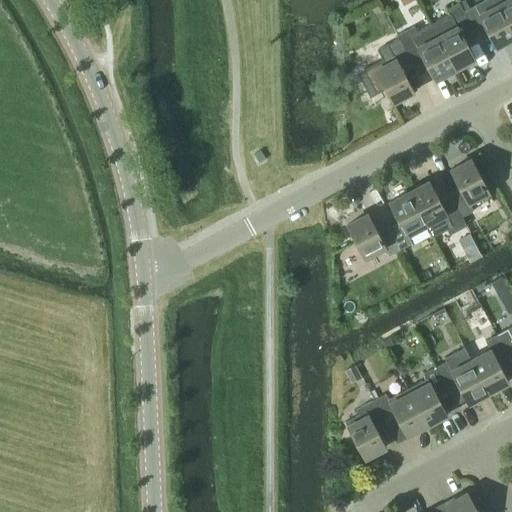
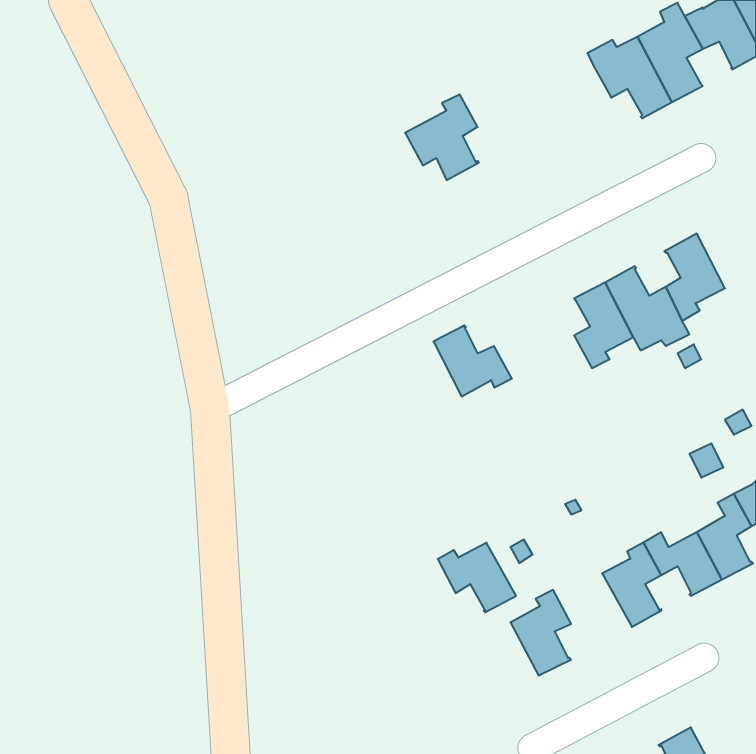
building: [364,45,414,103] -> [405,94,479,180]
building: [347,214,400,262] -> [433,325,512,396]
building: [374,389,427,436] -> [438,543,516,612]

